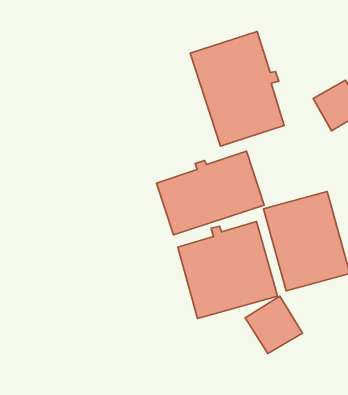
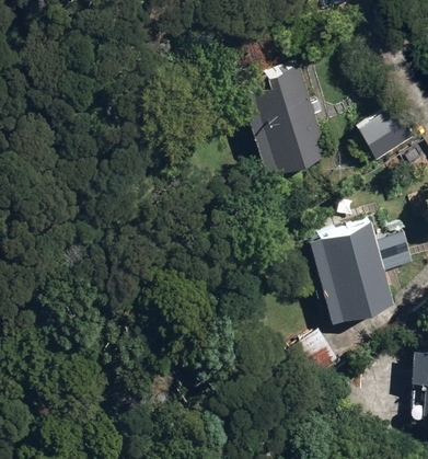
building: [156,151,264,235] -> none
building: [178,222,277,318] -> none

